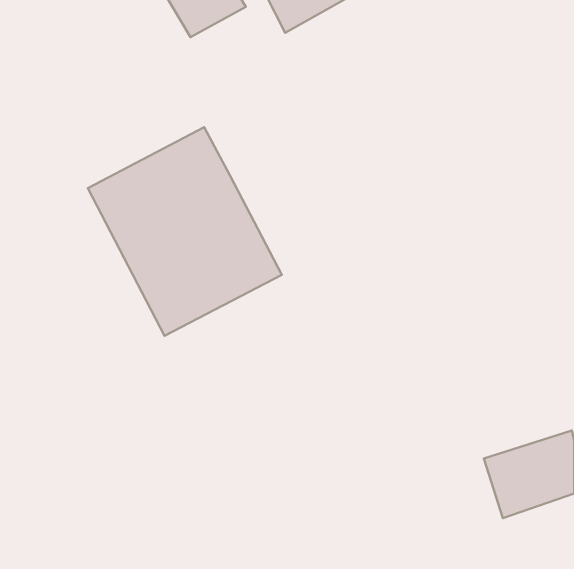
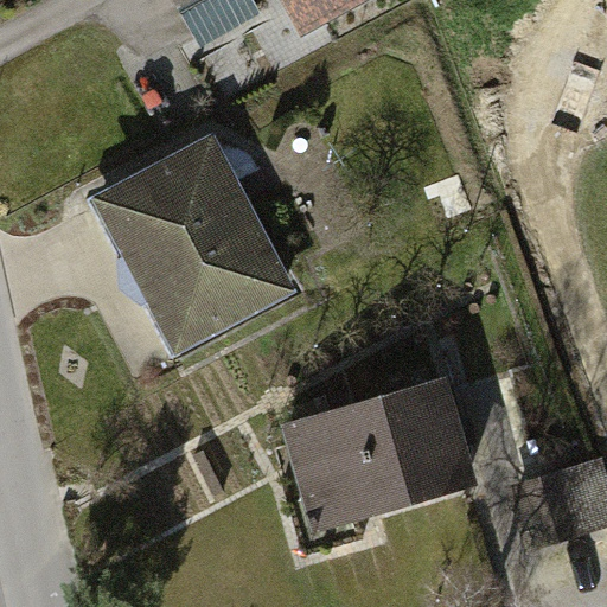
building: none -> [281,376,478,533]

